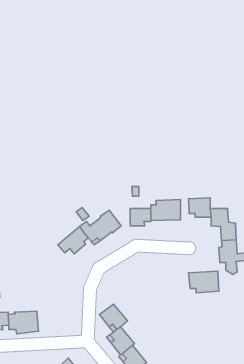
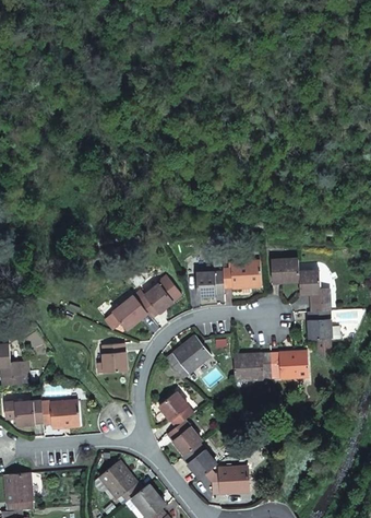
building: none -> [165,337,211,379]
building: none -> [97,342,127,372]
building: none -> [231,353,271,380]

